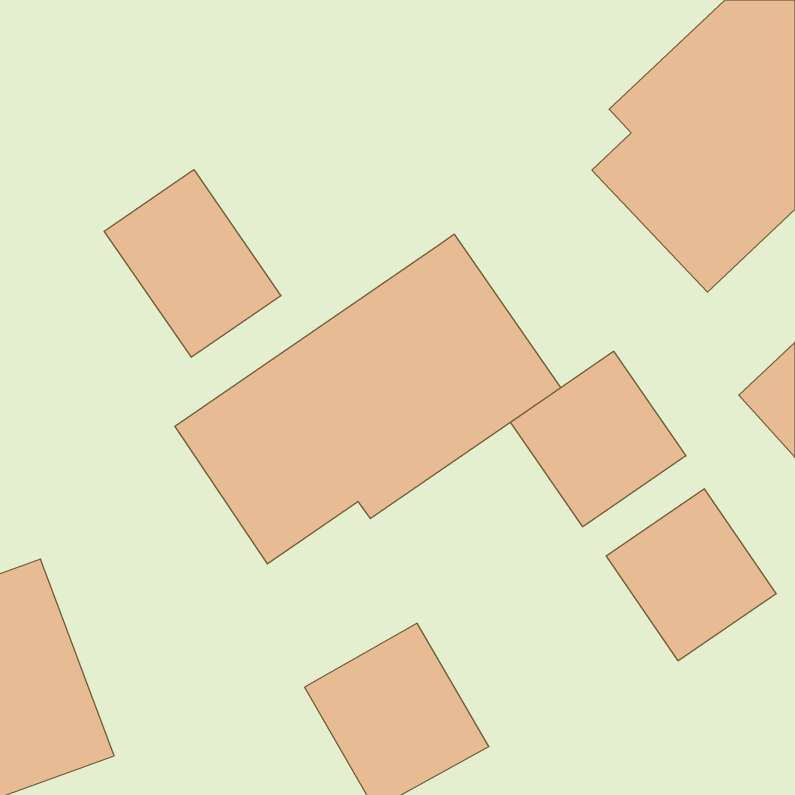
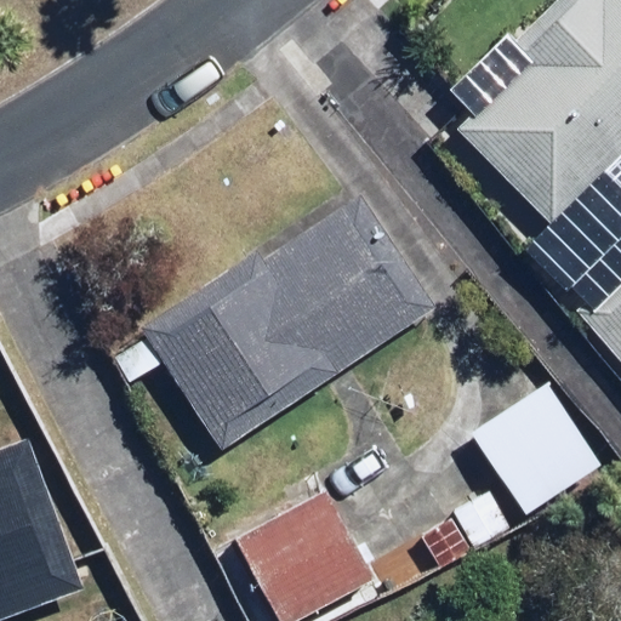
building: [104,170,281,357] -> none
building: [510,351,686,527] -> none

